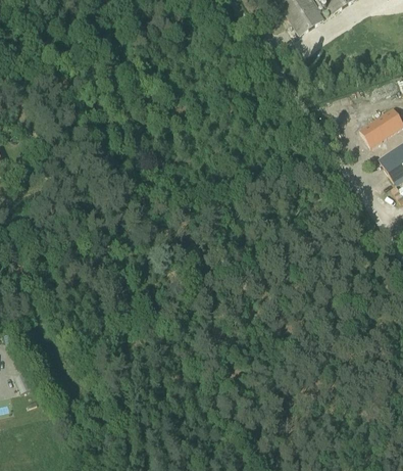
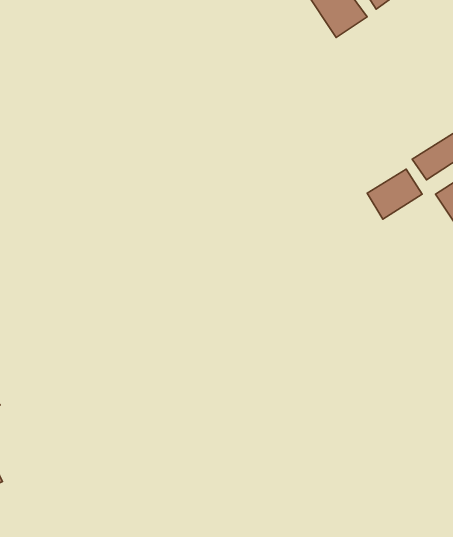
building: none -> [367,169,422,219]

